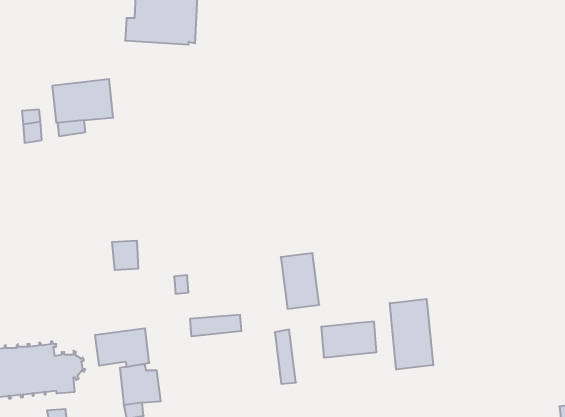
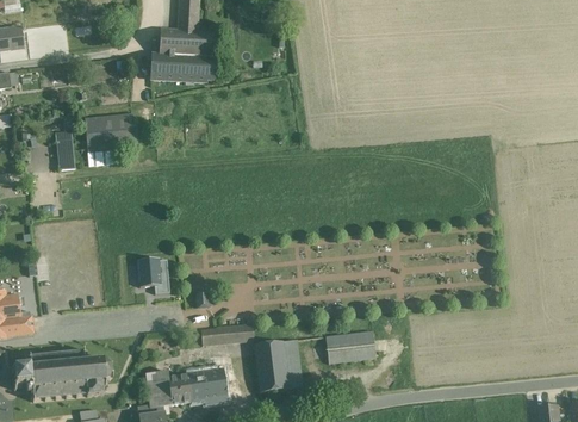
building: [281,253,319,309] -> [255,340,290,390]
building: [390,299,433,370] -> none
building: [95,328,149,367] -> [178,368,226,403]

